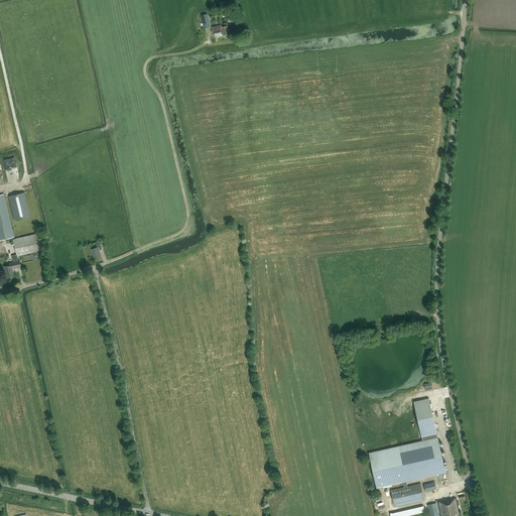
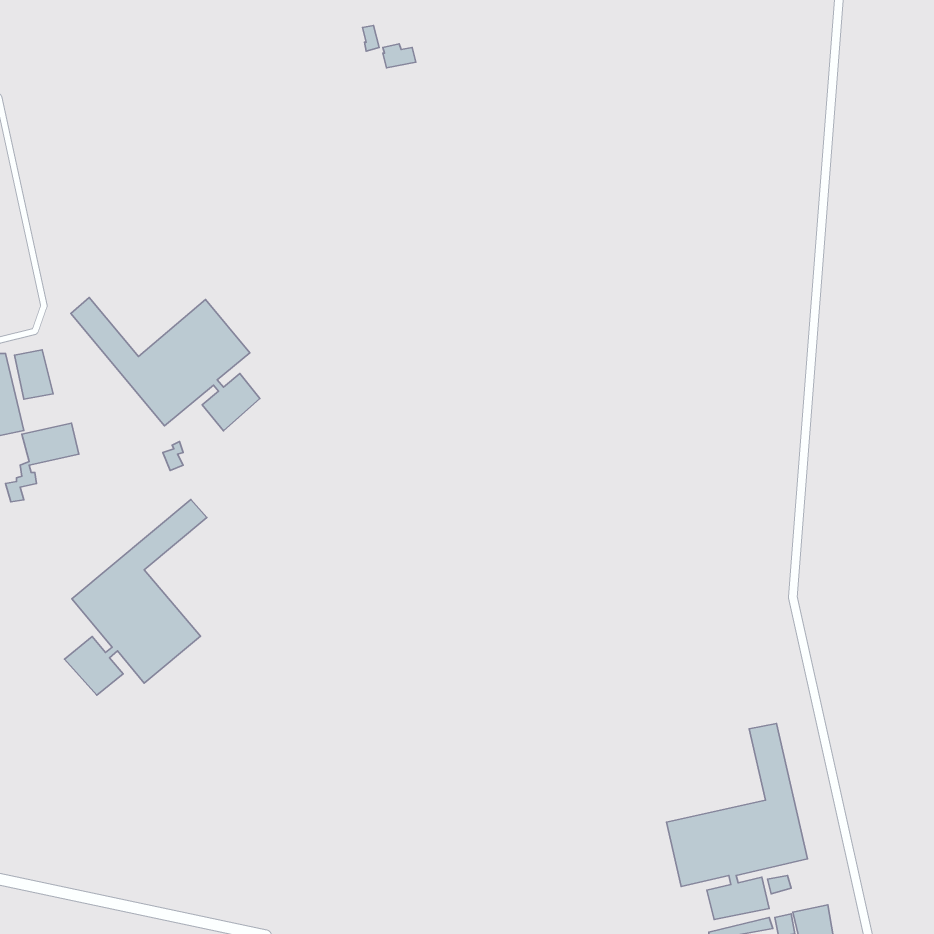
building: none -> [71,297,260,431]
building: none -> [65,500,207,695]

